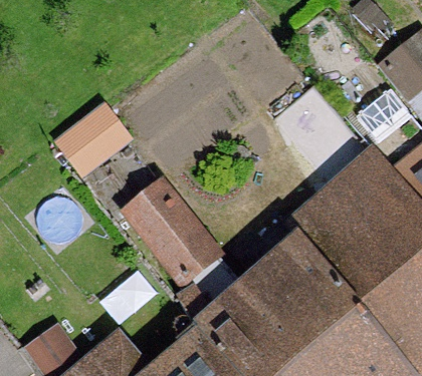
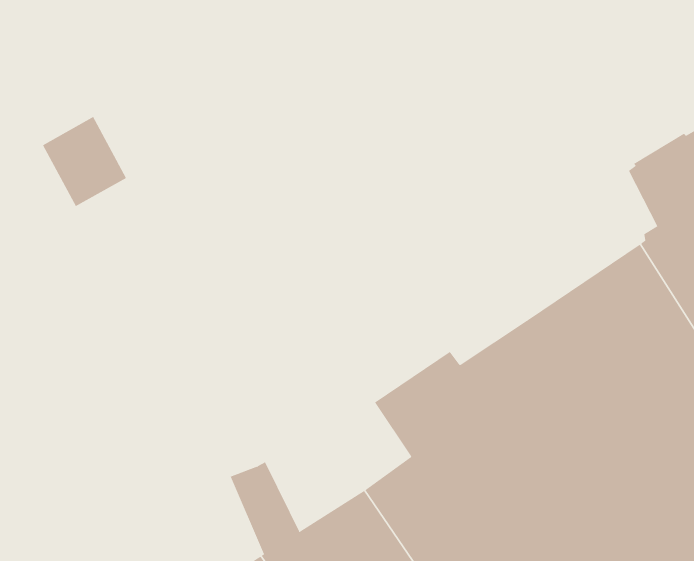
building: [132,190,244,315] -> none

